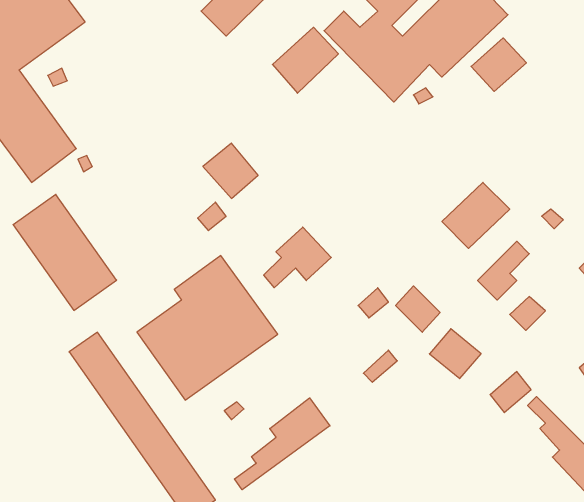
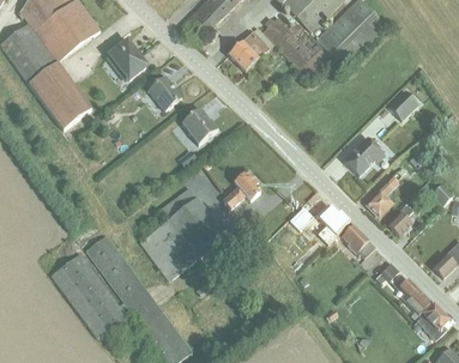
building: [471,38,526,91] -> [383,85,421,121]
building: none -> [108,40,150,83]
building: none -> [146,77,181,113]
building: [13,194,117,310] -> [53,258,122,335]
building: [234,398,330,490] -> none

